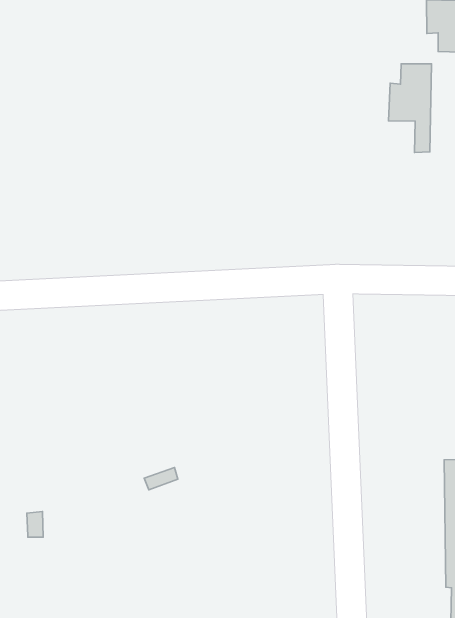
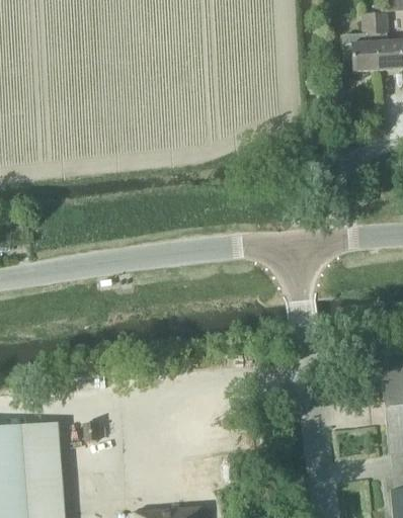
building: [388,64,432,153] -> none

